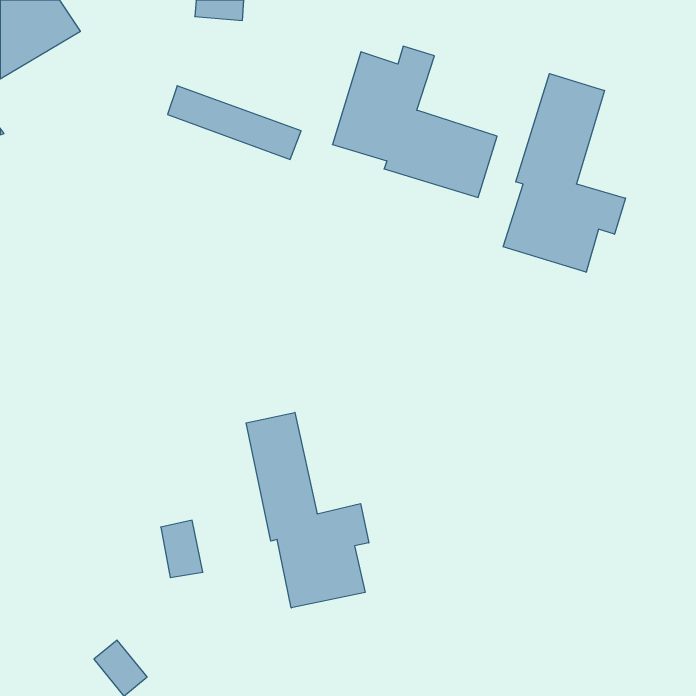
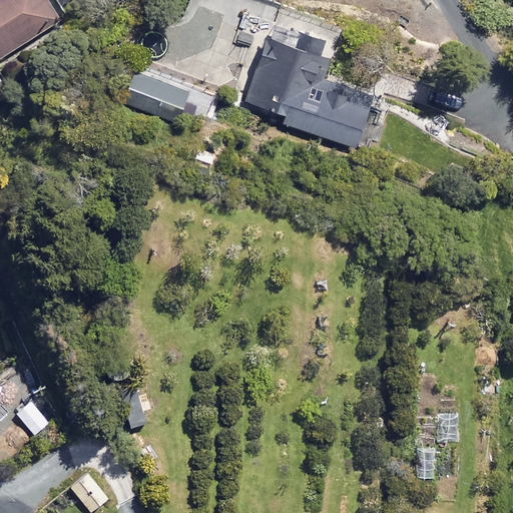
building: [503,74,626,272] -> none
building: [246,412,369,608] -> none

